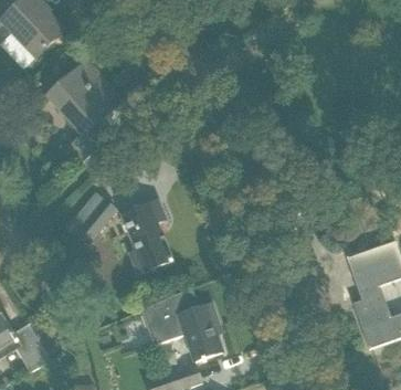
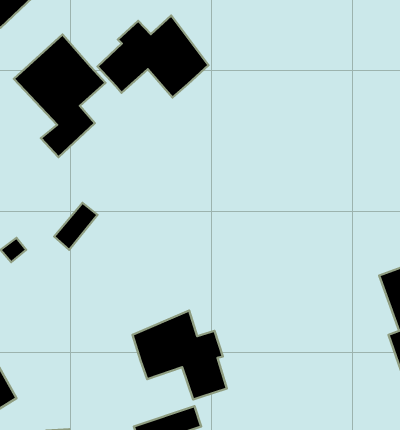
building: none -> [98,16,208,97]
building: [120,199,171,274] -> none

